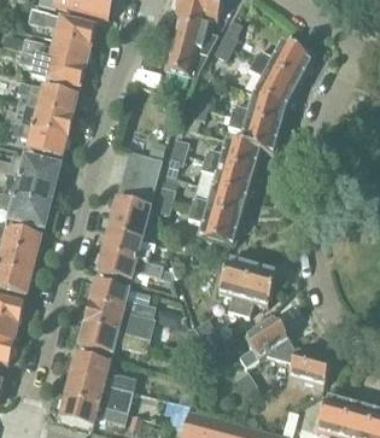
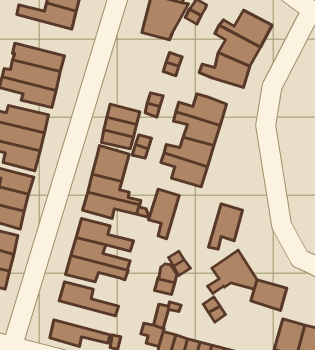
building: [18,48,84,86] -> none
building: [227,115,280,154] -> none
building: [220,257,255,314] -> [149,189,179,239]
building: [64,375,134,414] -> none

